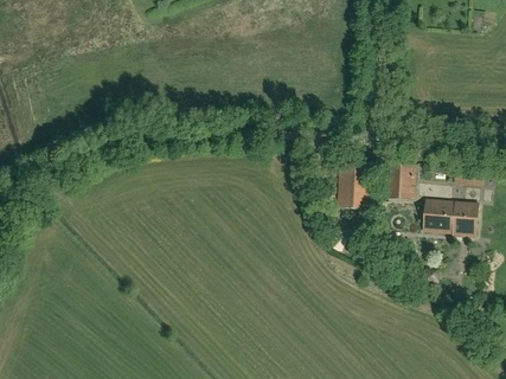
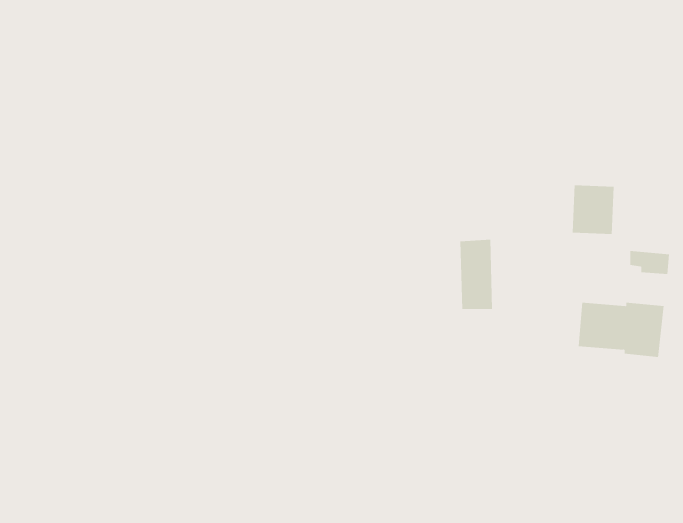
building: [386,166,414,198] -> [572,185,614,235]

